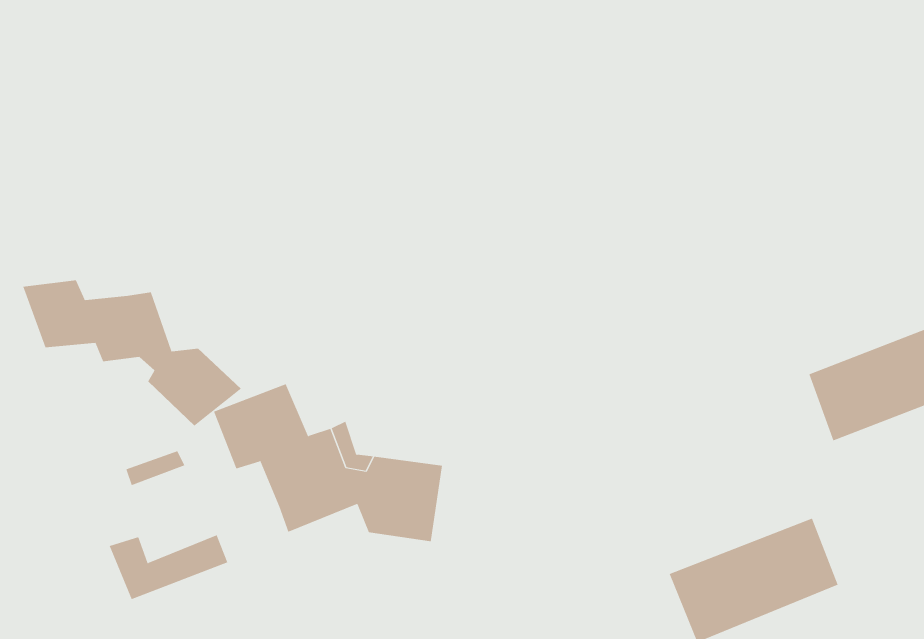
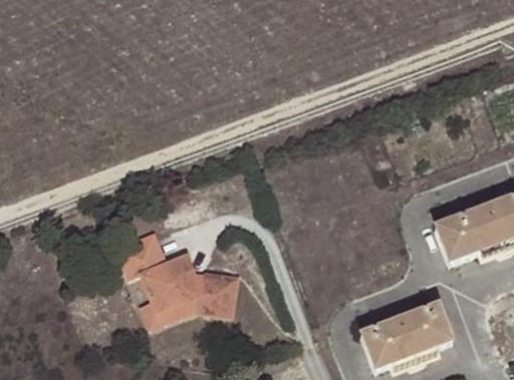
building: [23,279,242,426] -> none
building: [109,535,228,600] -> [135,295,199,330]

